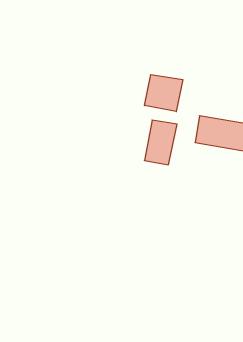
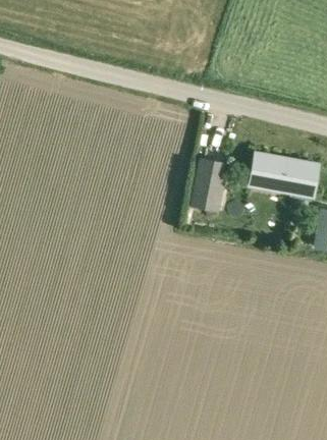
building: [145,75,183,112] -> none

